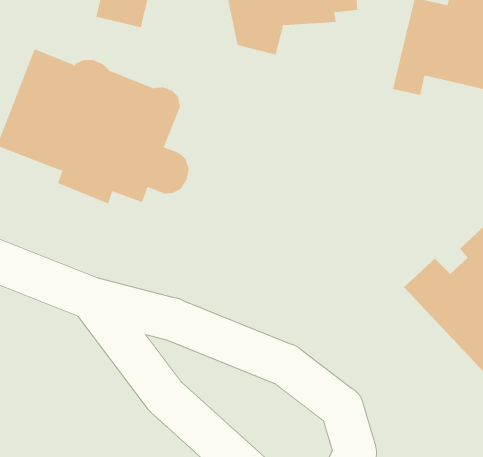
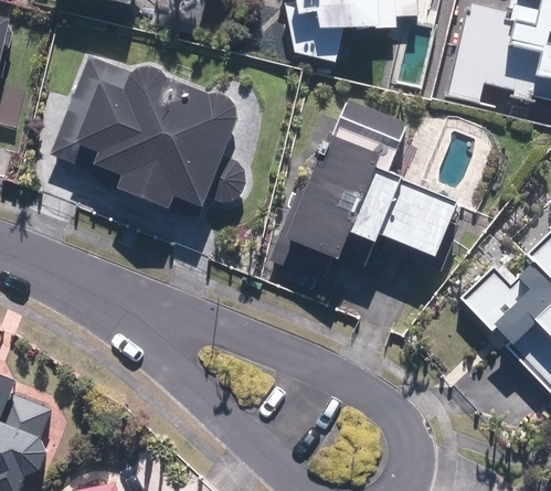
building: none -> [273,98,454,282]

